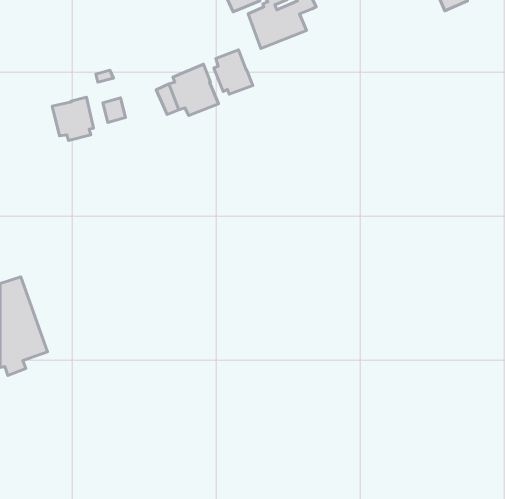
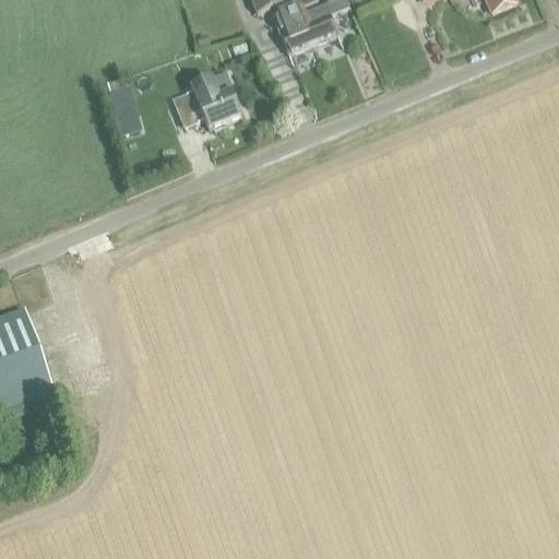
building: [214,50,253,94] -> none
building: [52,97,93,141] -> none

